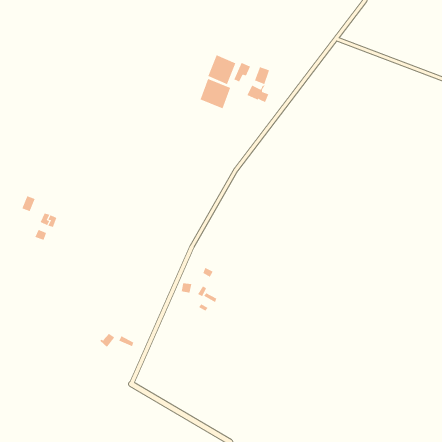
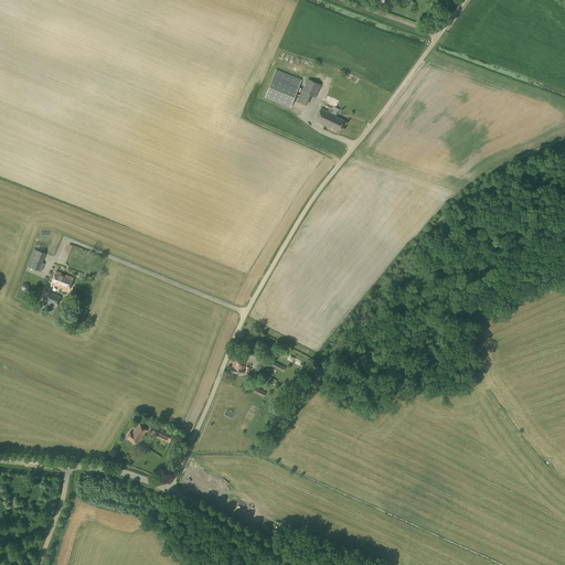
building: [200,78,231,109] -> none

